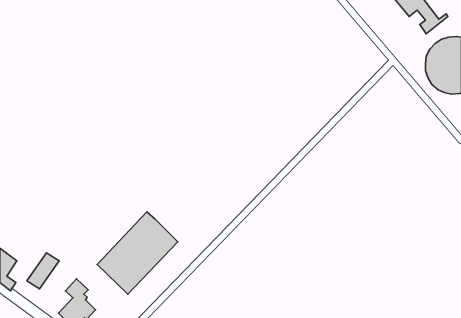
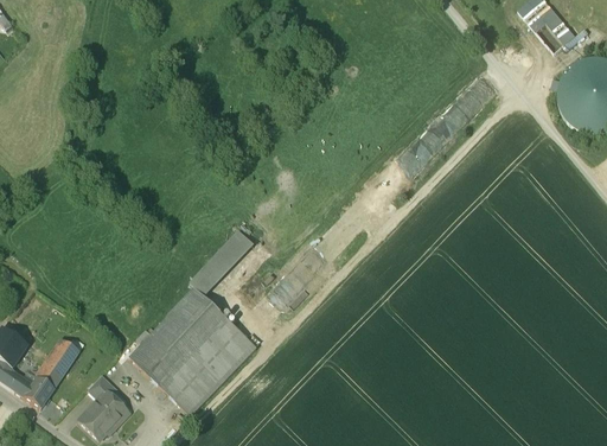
building: none -> [190,230,253,295]
building: none -> [168,325,256,414]
building: none -> [14,376,52,407]

